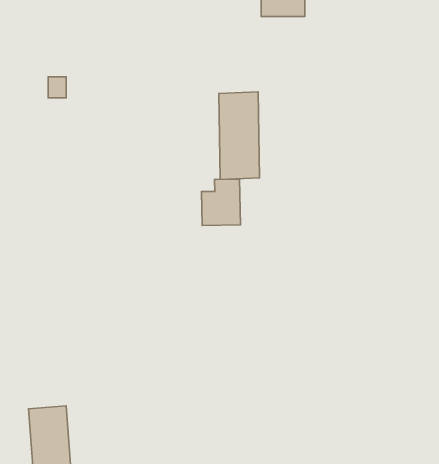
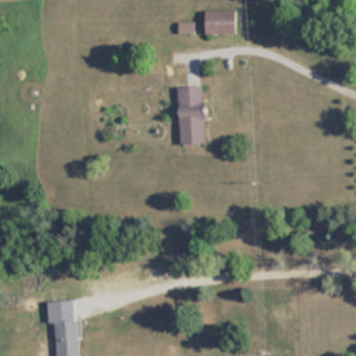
building: [202,179,240,226] -> none

